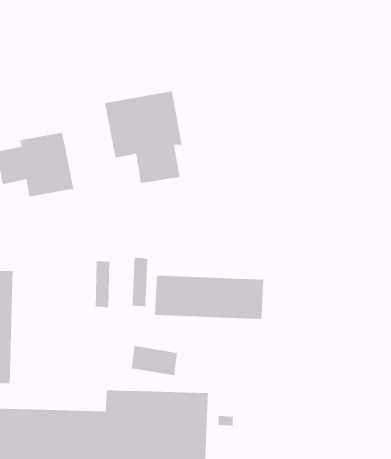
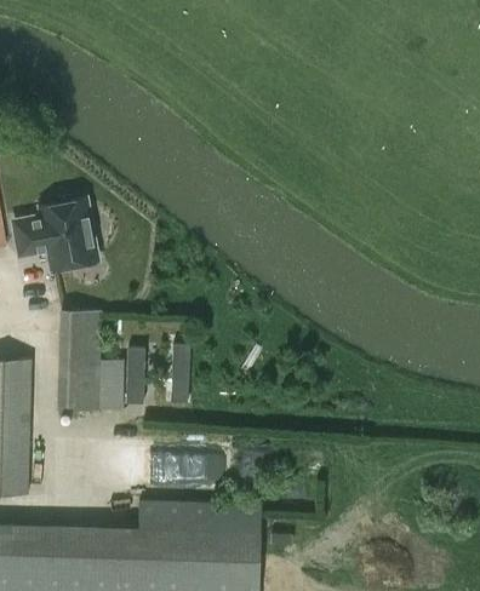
building: [104,91,183,184] -> none
building: none -> [58,311,124,412]
building: [154,275,264,320] -> none

